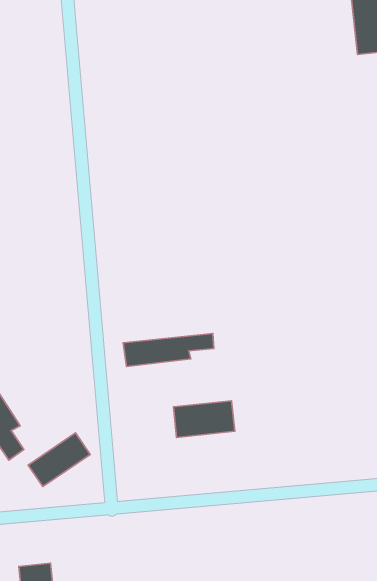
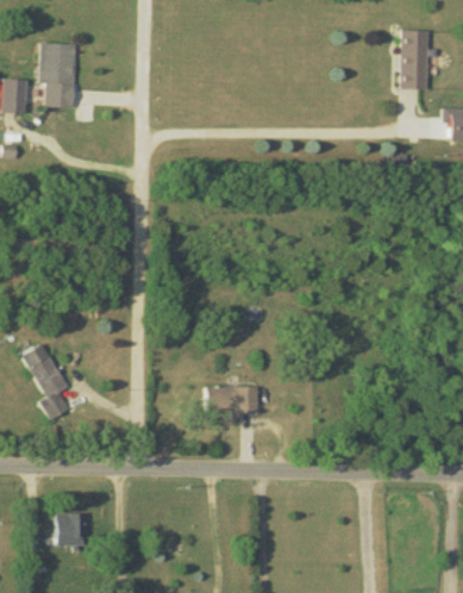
building: [123,333,214,367] -> none
building: [28,433,90,487] -> none

